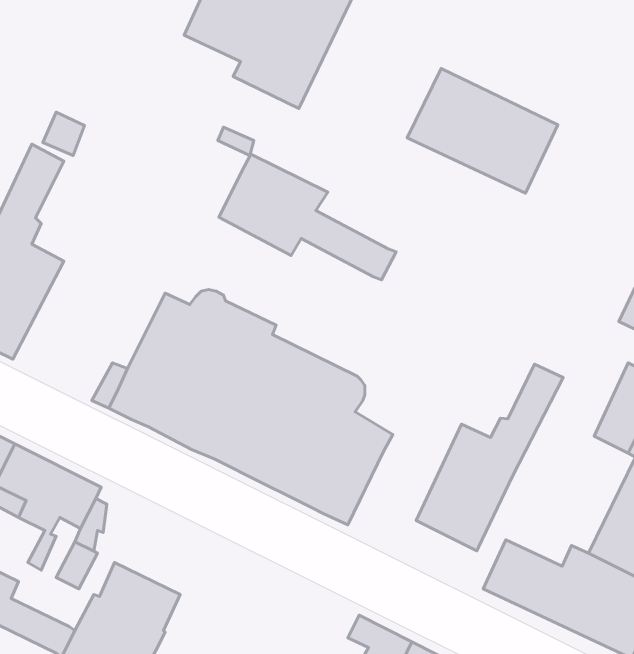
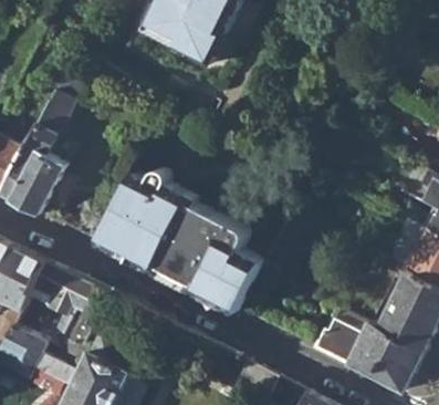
building: [407,68,558,193] -> none
building: [219,154,396,280] -> none
building: [416,364,563,551] -> none

